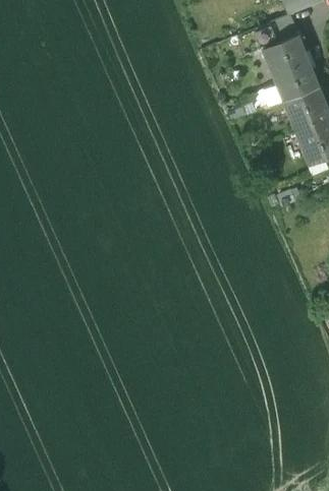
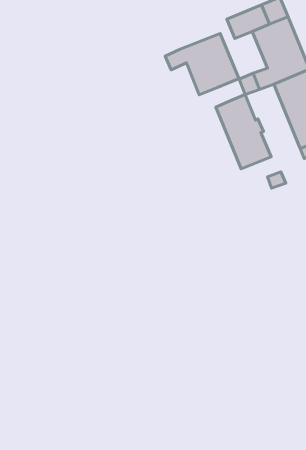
building: none -> [165,34,239,95]
building: none -> [216,94,271,169]

